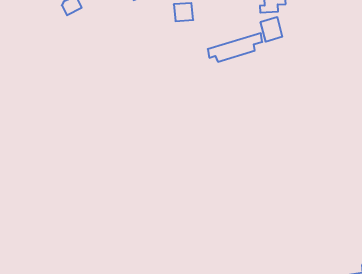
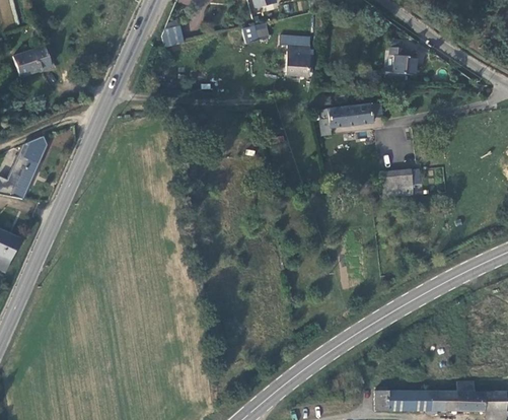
building: [261,17,282,42] -> none
building: none -> [381,169,413,188]

